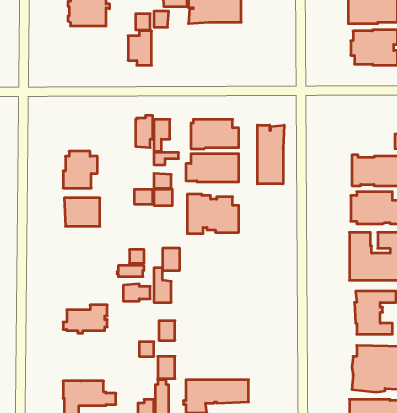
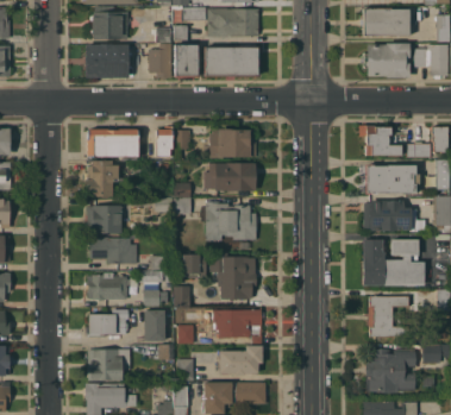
building: none -> [84,44,127,78]
building: none -> [173,44,198,77]
building: none -> [202,46,257,77]
building: none -> [358,125,400,156]
building: none -> [86,128,137,161]
building: [257,125,284,184] -> none
building: none -> [89,234,137,264]
building: none -> [208,257,255,300]
building: none -> [87,272,129,301]
building: none -> [211,307,263,338]
building: none -> [143,310,164,341]
building: none -> [217,345,262,375]
building: none -> [87,348,129,381]

